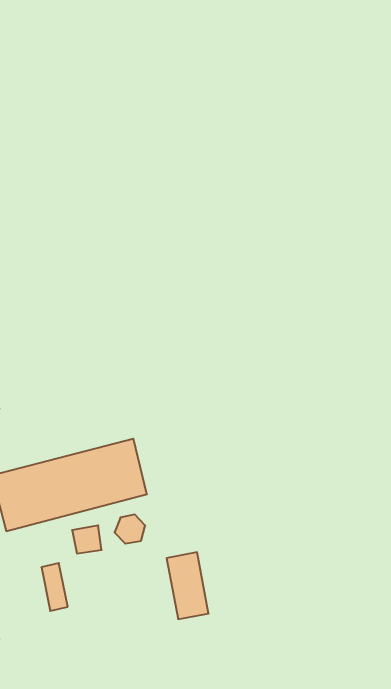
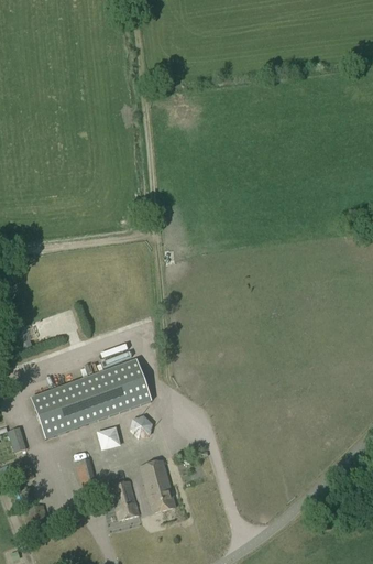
building: [167,552,209,619] -> [139,459,175,512]
building: none -> [109,479,138,519]

